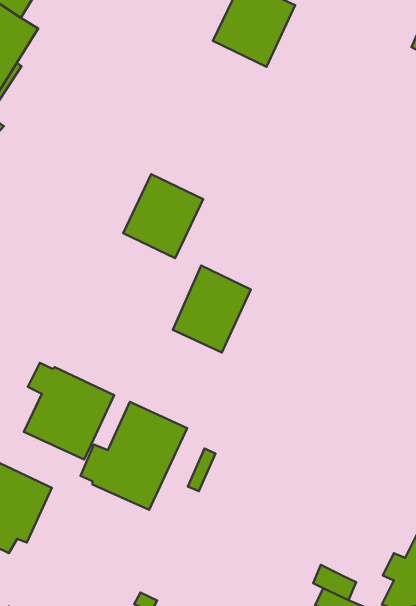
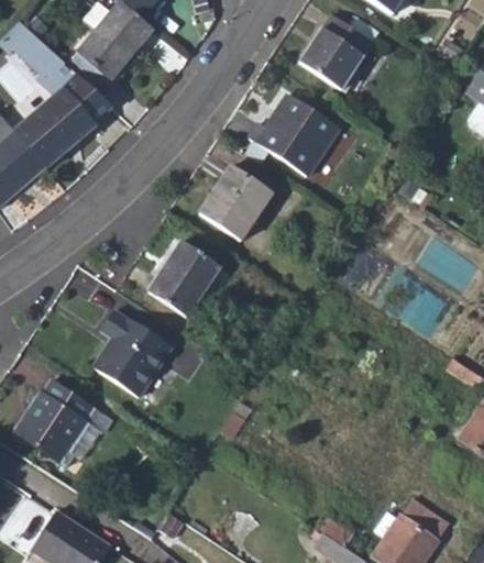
building: none -> [250,95,339,175]
building: [173,265,251,353] -> [148,241,219,317]
building: [80,402,187,510] -> none

